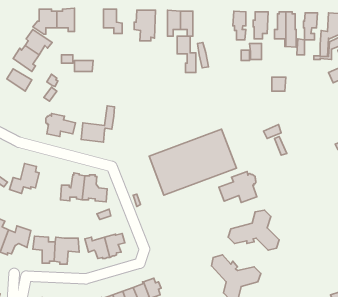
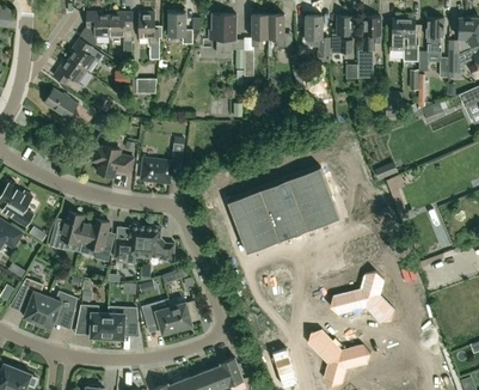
building: none -> [140,12,160,60]
building: [177,36,196,72] -> [306,17,330,63]
building: none -> [82,219,112,262]
building: [219,171,257,202] -> none

